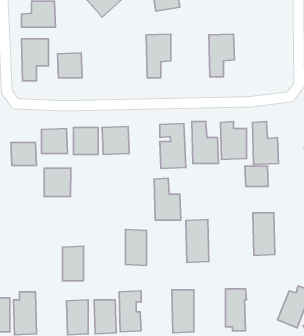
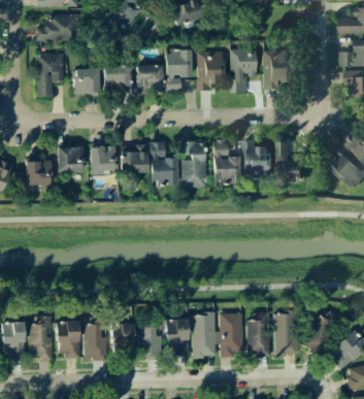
building: none -> [263,49,290,89]
building: none -> [197,52,224,91]
building: none -> [103,65,131,94]
building: none -> [136,65,163,94]
building: [245,166,268,187] -> none
building: [44,168,71,196] -> none
building: [154,178,181,220] -> [150,141,177,185]
building: [253,213,275,256] -> [273,311,296,356]
building: [186,220,209,262] -> [219,312,242,357]
building: [126,230,147,265] -> [166,319,188,356]
building: [63,246,84,281] -> [57,321,78,357]

